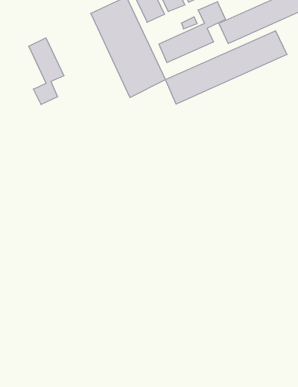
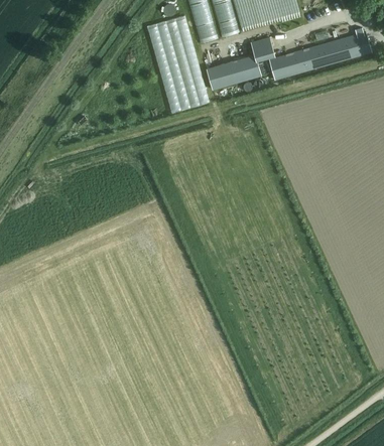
building: [165,31,287,104] -> none
building: [29,38,64,105] -> none

